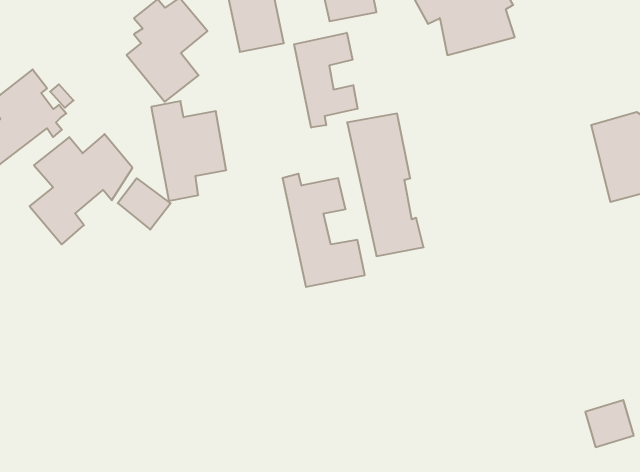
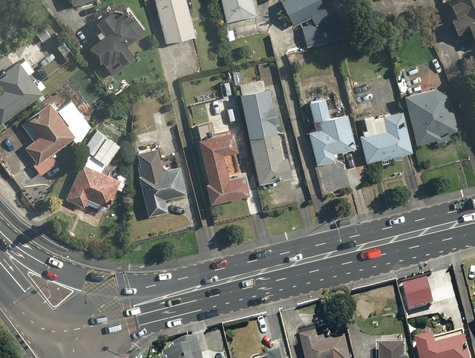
building: [294,33,357,128] -> none
building: [151,101,226,201] -> [135,147,186,215]
building: none -> [307,97,355,164]
building: none -> [359,108,412,162]
building: none -> [65,163,117,209]

